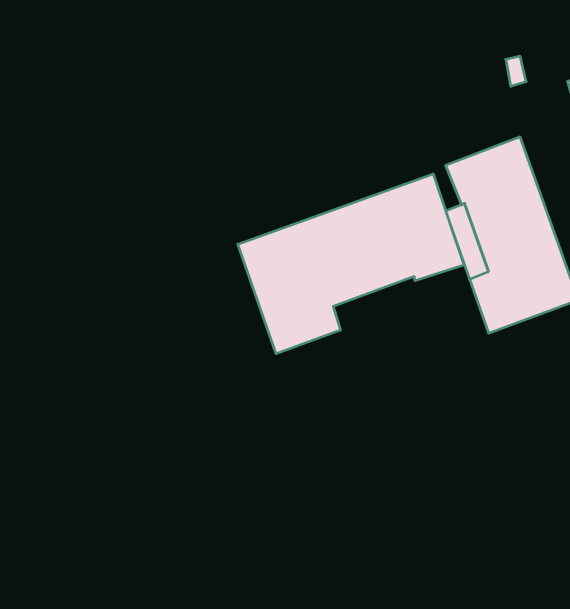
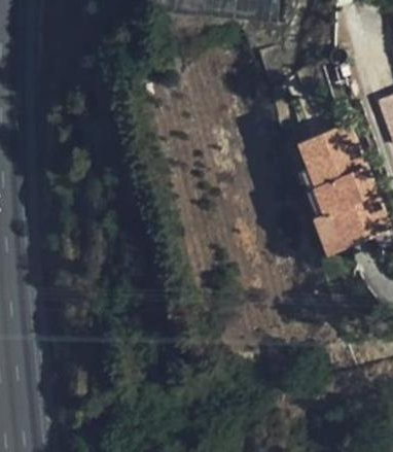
building: [238,174,464,354] -> none

